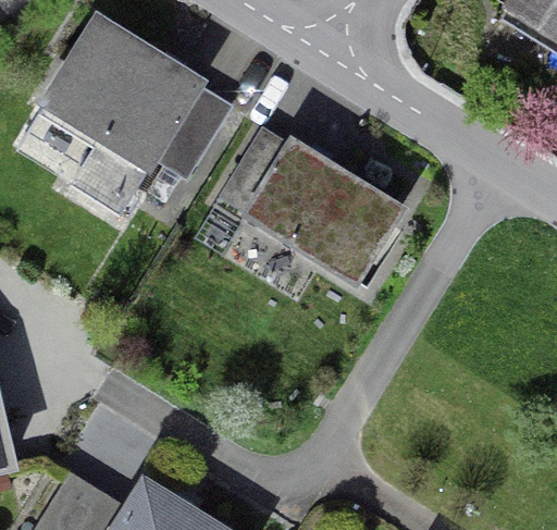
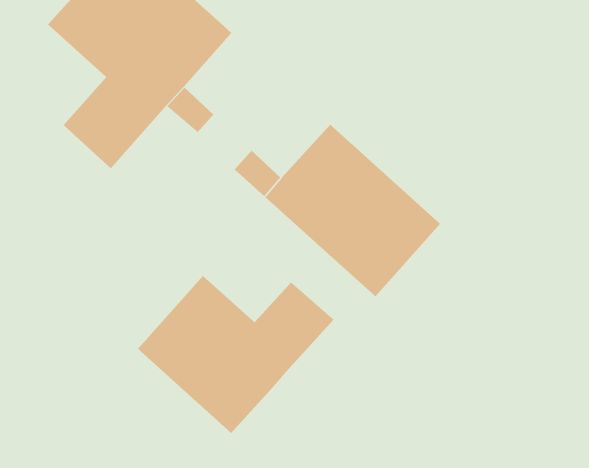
building: none -> [137,275,334,434]

